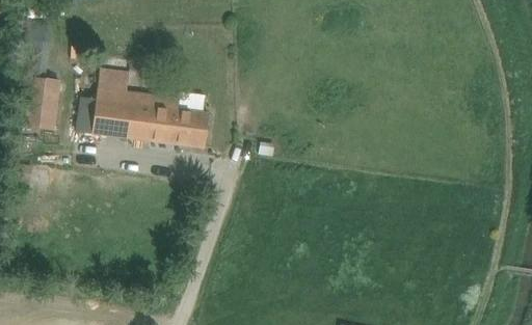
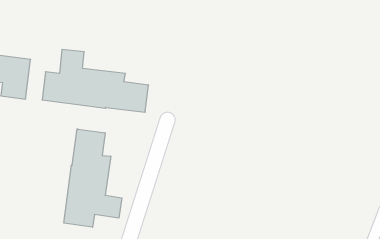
building: none -> [64,129,122,227]

